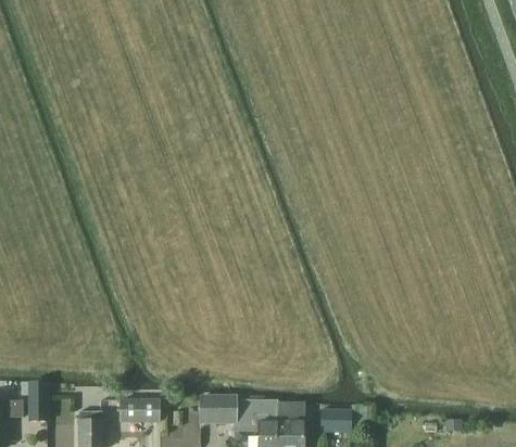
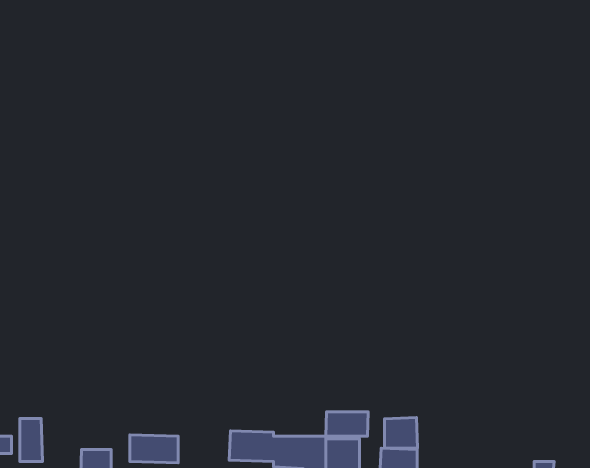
building: none -> [326,412,368,436]
building: none -> [385,417,418,448]

